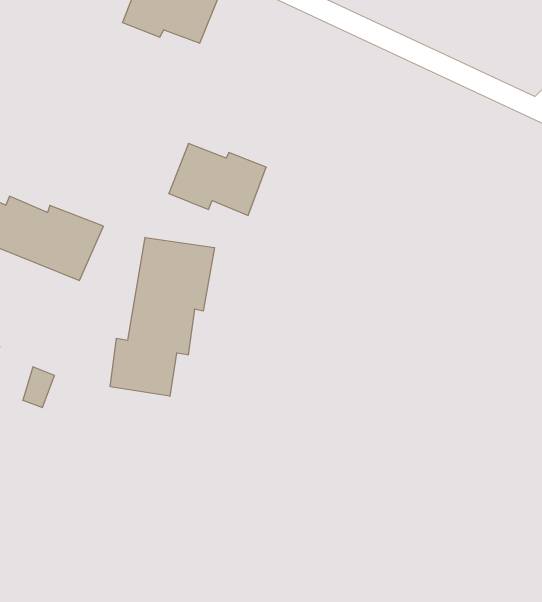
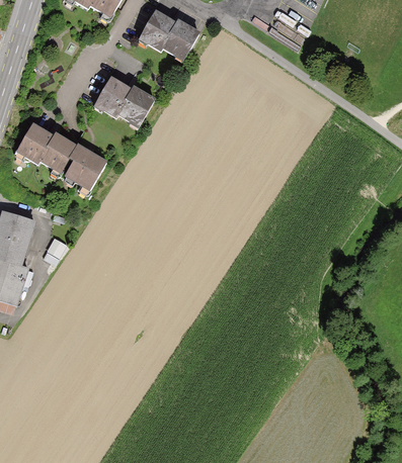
building: [169,143,266,216] -> [93,77,154,125]
building: [110,237,215,396] -> none

